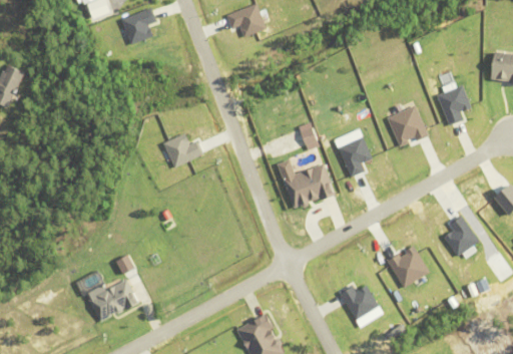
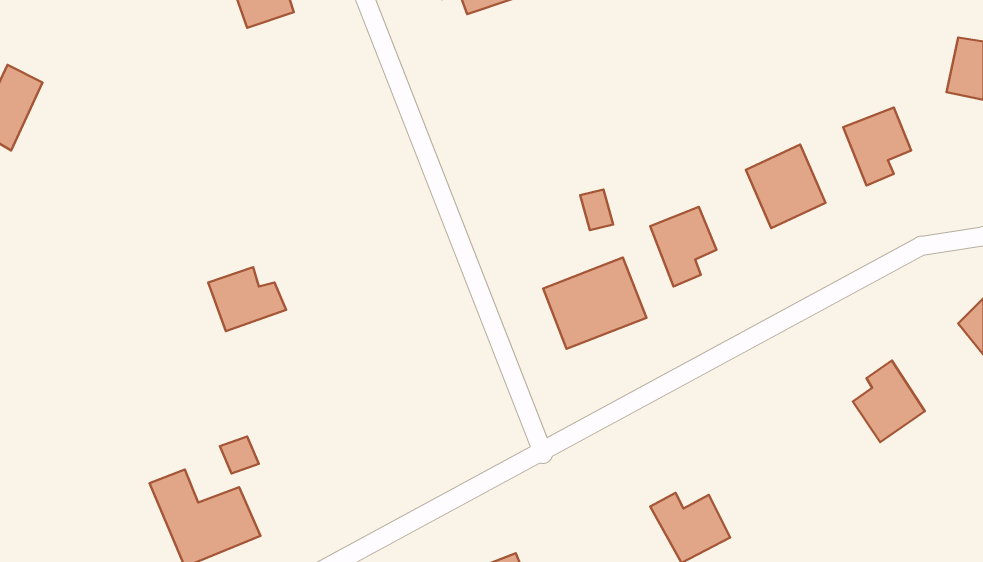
building: [163,133,203,166] -> [208,267,286,331]
building: [387,246,430,288] -> none

